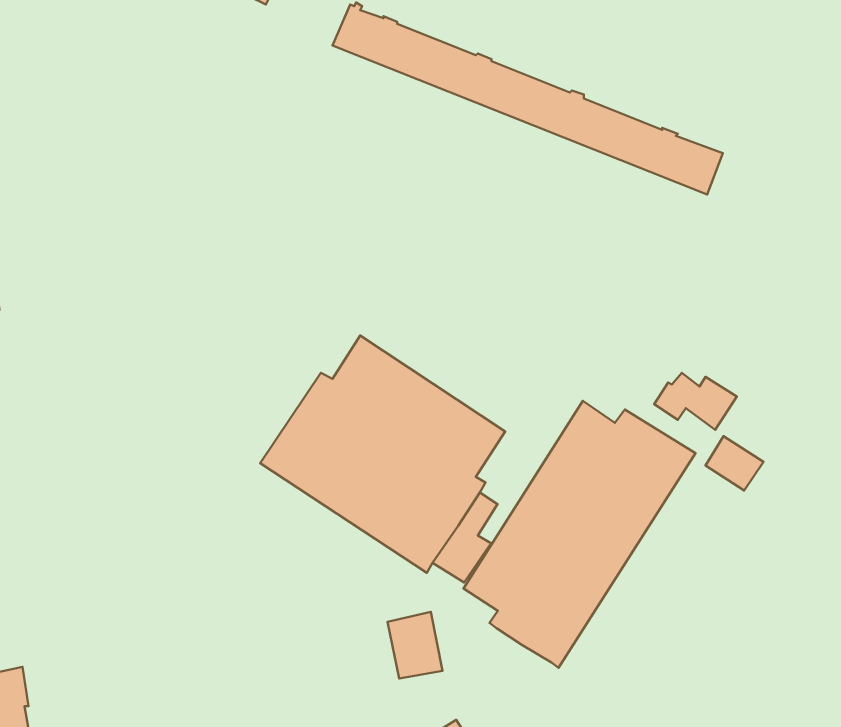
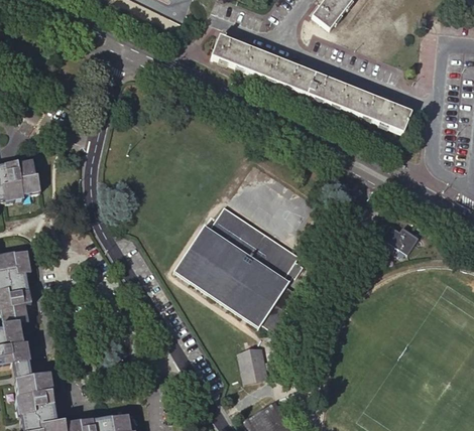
building: [463,401,696,668] -> none
building: [705,436,764,491] -> none

